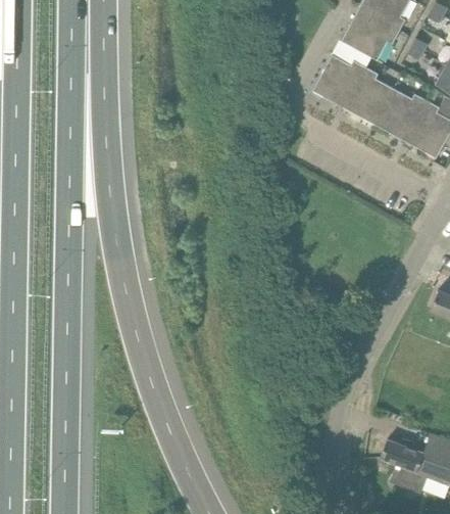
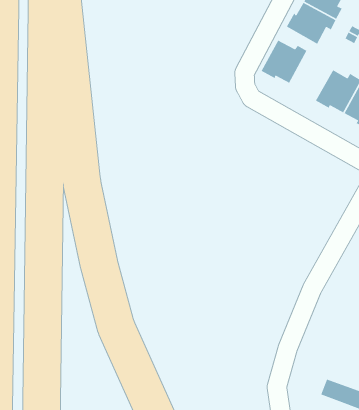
building: [346,67,395,125] -> none

